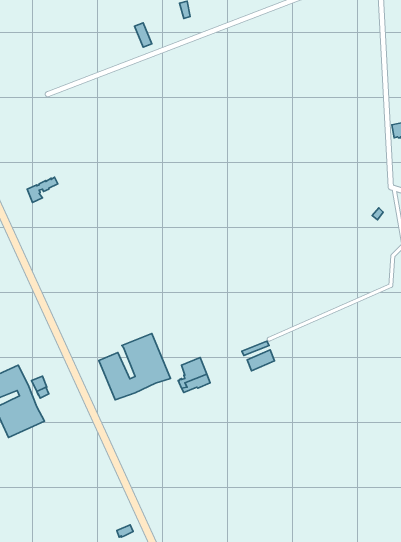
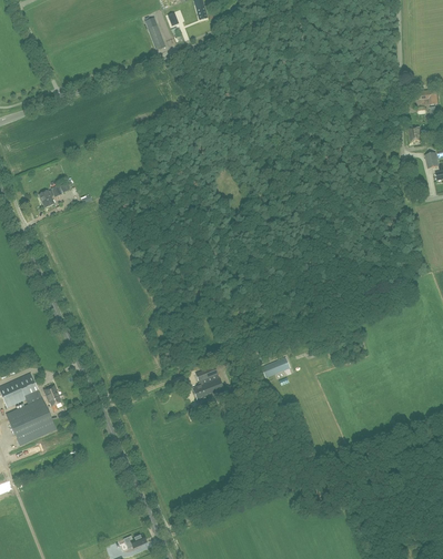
building: [99,333,170,400] -> none

